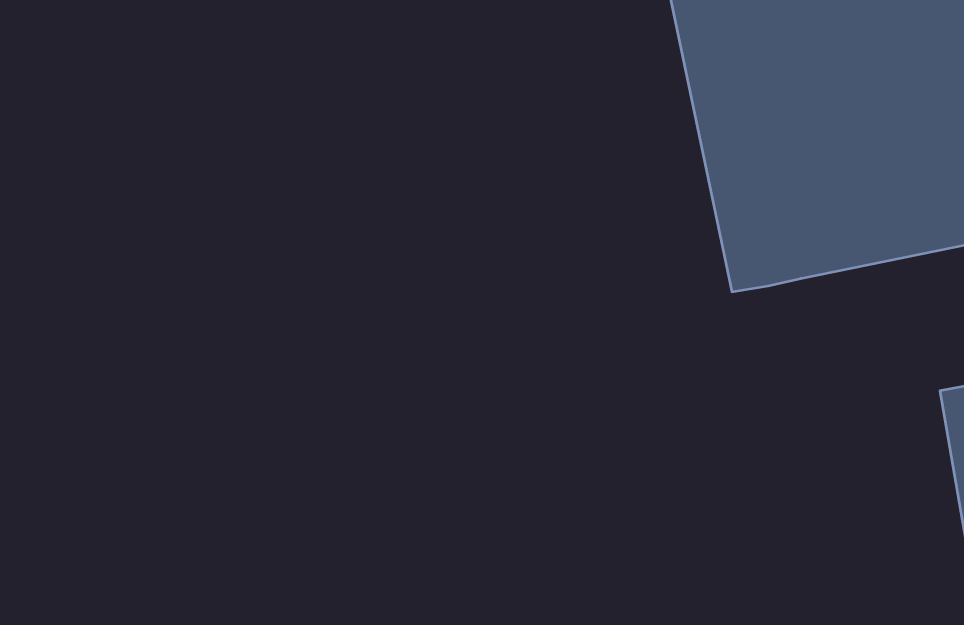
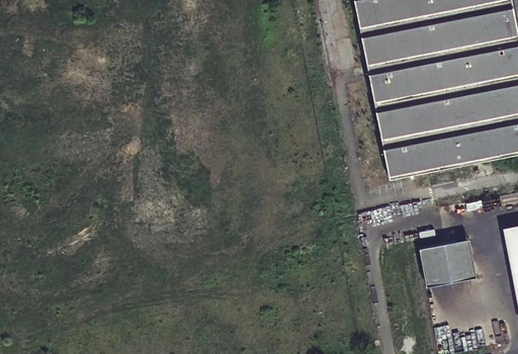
building: none -> [425,239,482,284]

